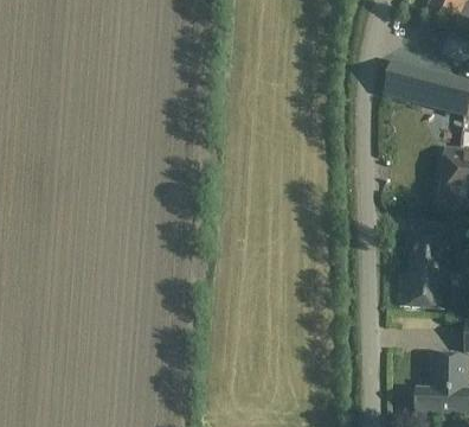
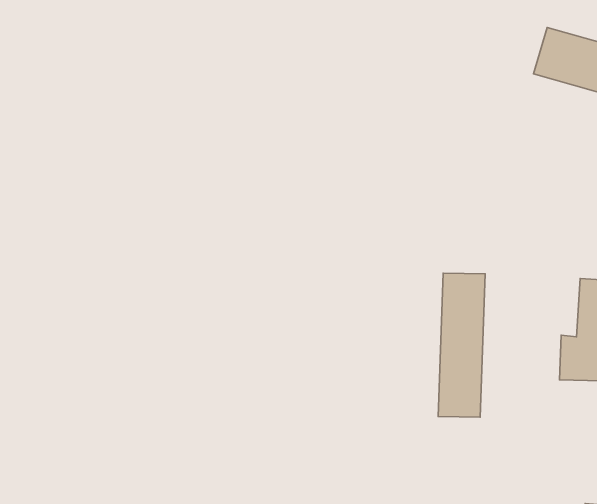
building: none -> [438,273,485,417]

